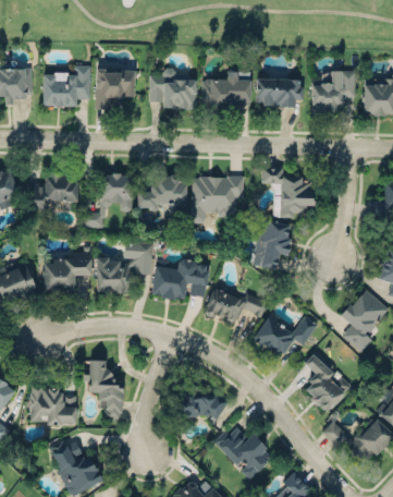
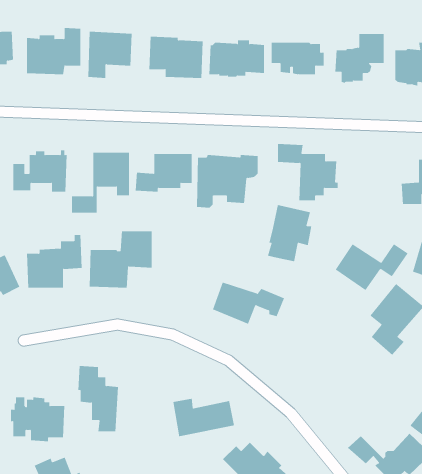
building: [151,259,209,301] -> none
building: [254,316,318,357] -> [335,243,408,291]
building: [305,354,354,414] -> none

